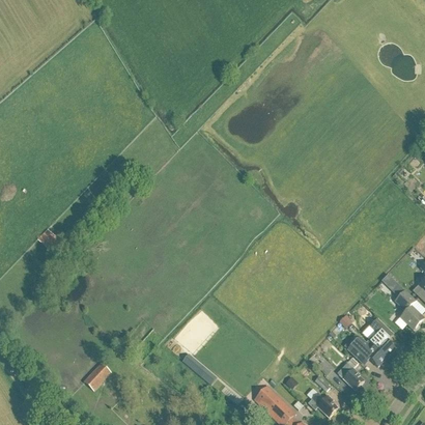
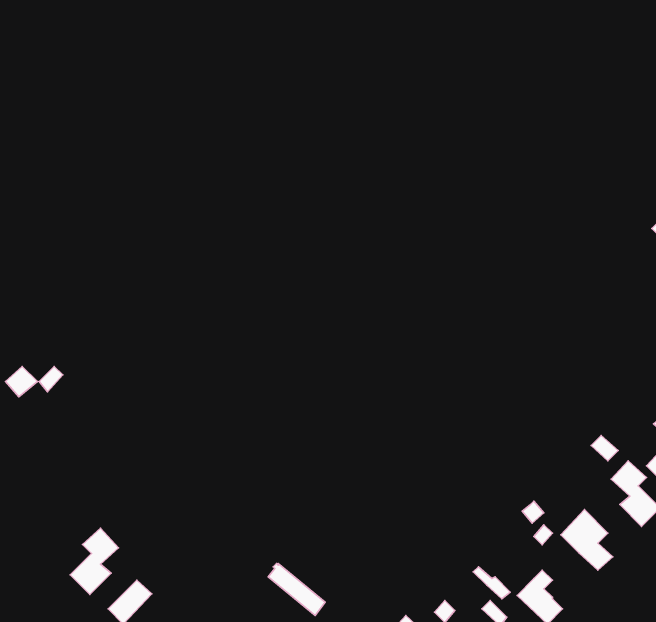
building: none -> [70,528,119,594]
building: [348,337,386,366] -> none

